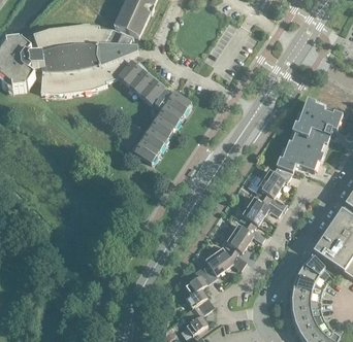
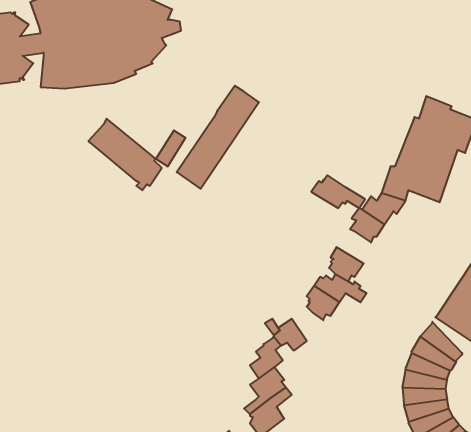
building: [118,61,168,110] -> [88,119,162,190]
building: [246,193,283,215] -> [311,175,365,208]
building: [213,245,247,269] -> none

